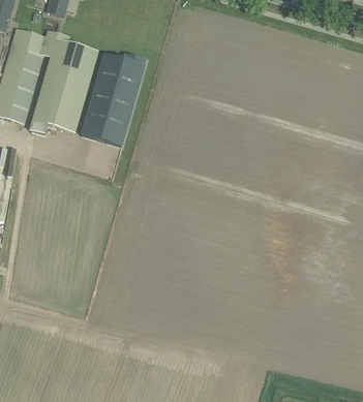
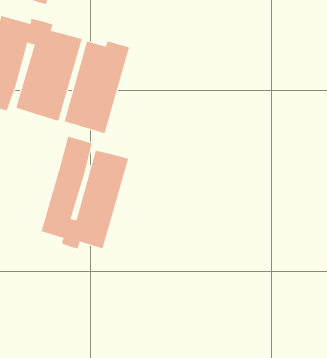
building: none -> [40,136,129,249]

